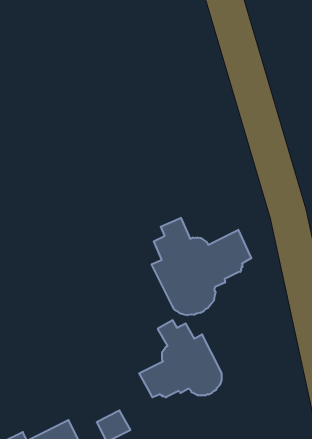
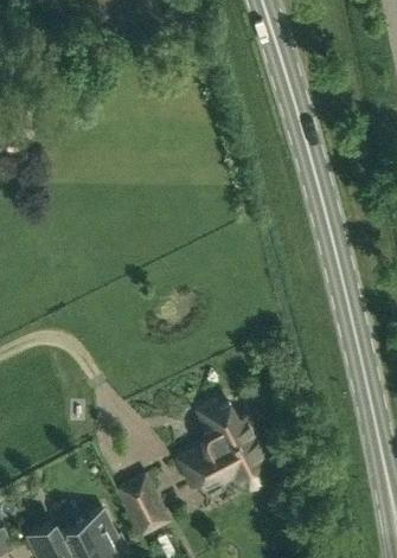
building: [152,218,251,315] -> none
building: none -> [122,479,159,514]

